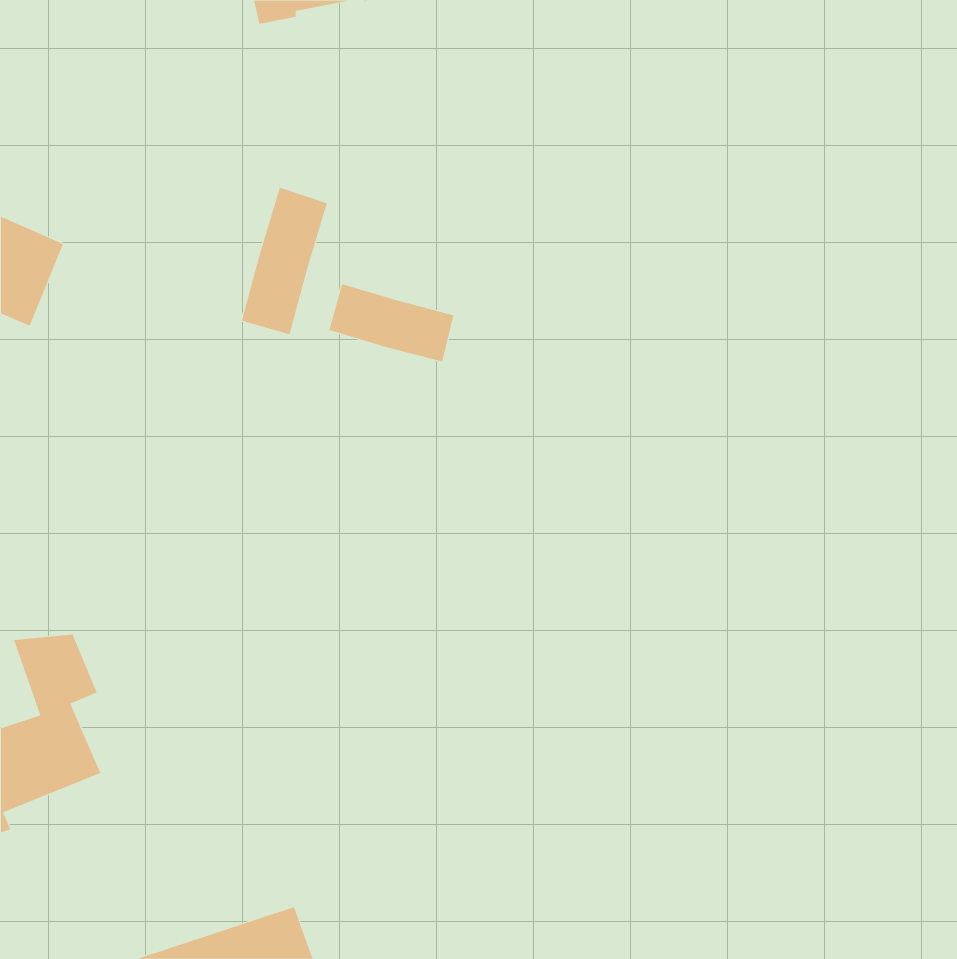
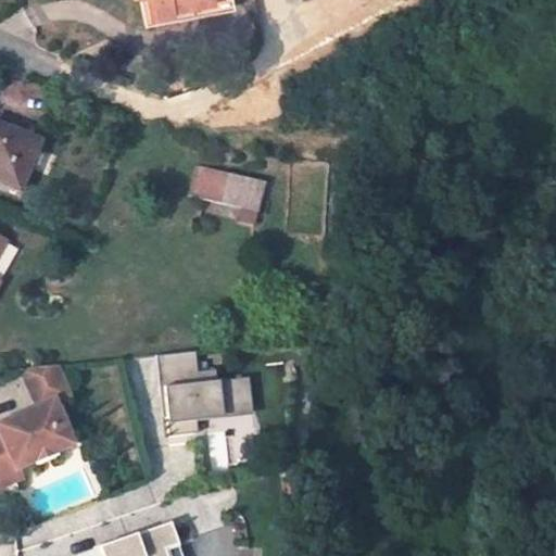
building: [241,187,327,335] -> none
building: none -> [163,352,253,438]

